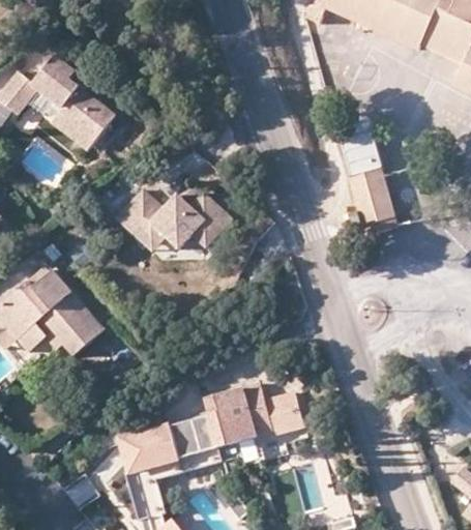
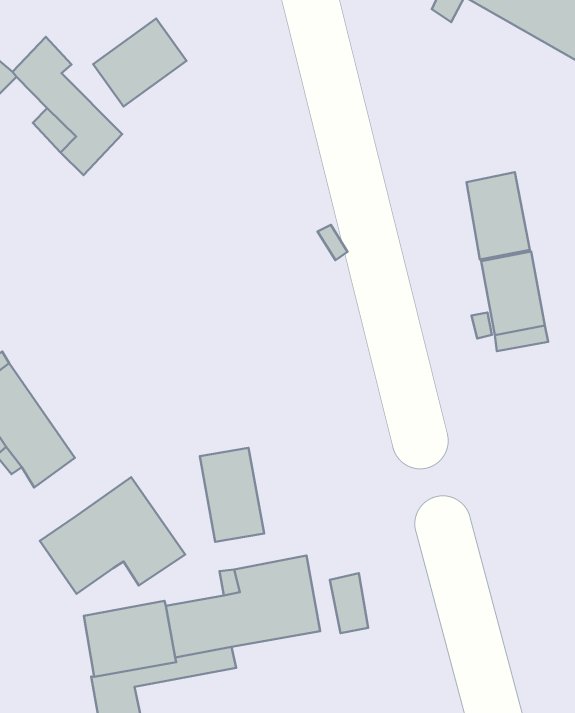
building: none -> [93,19,186,106]
building: [117,190,229,249] -> none
building: none -> [200,448,264,542]
building: none -> [40,477,185,594]

